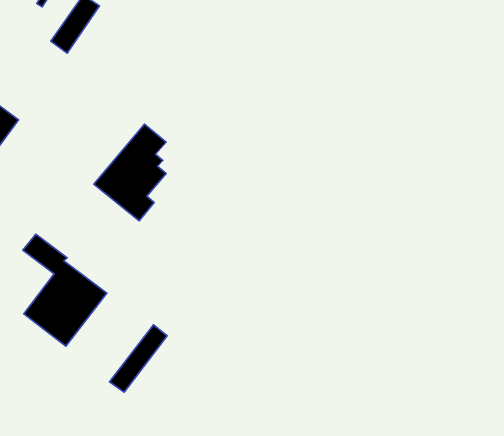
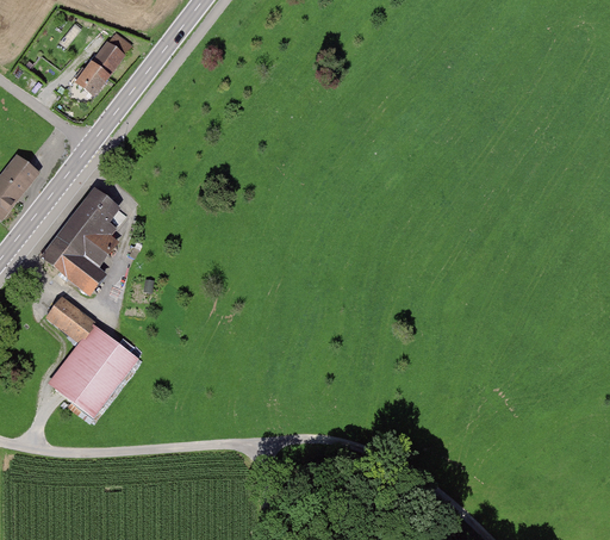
building: [94,124,166,221] -> [37,186,117,293]
building: [109,325,167,392] -> none

